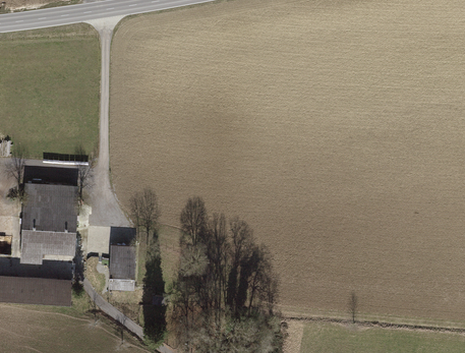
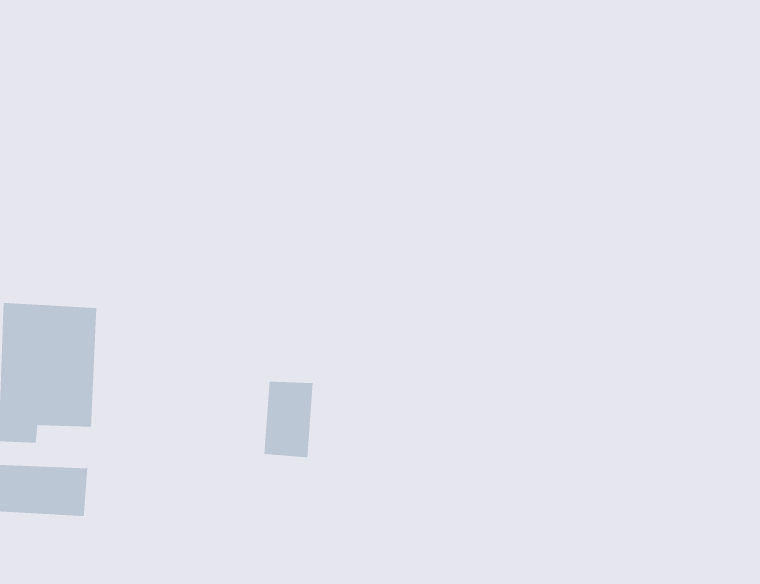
building: [108,246,136,290] -> [264,381,313,458]

